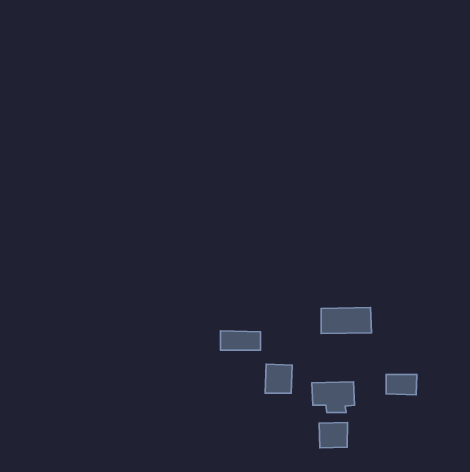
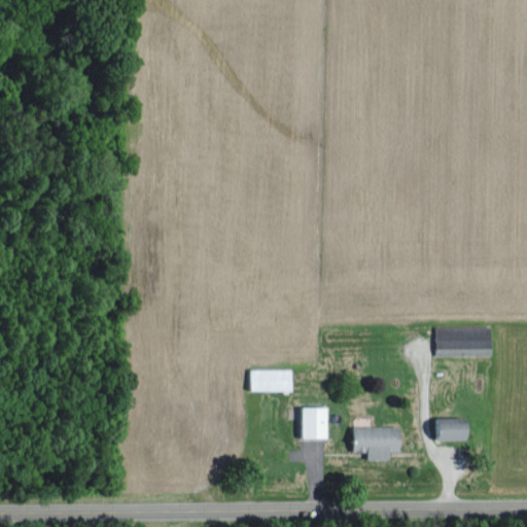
building: [321,308,372,334] -> [436,327,492,356]
building: [319,423,348,448] -> none

